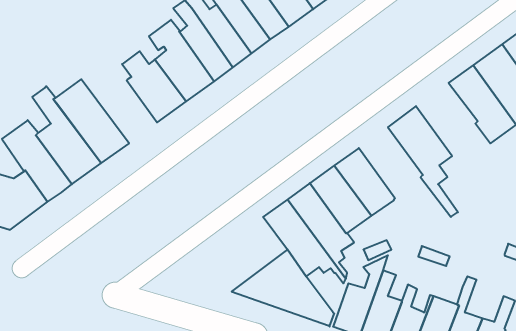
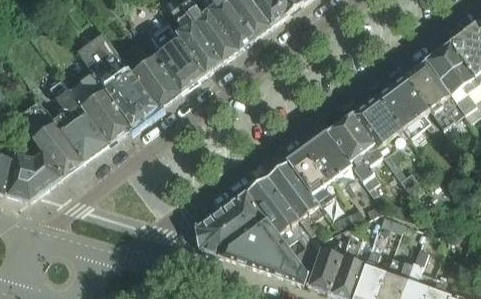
building: none -> [77,31,156,127]
building: none -> [378,75,434,138]
building: none -> [329,113,384,188]
building: none -> [197,190,268,254]

